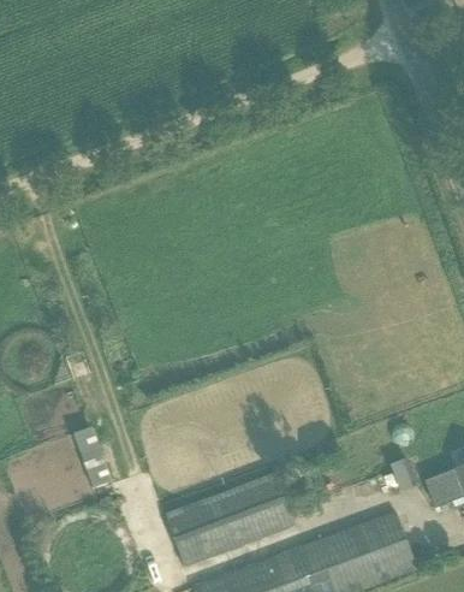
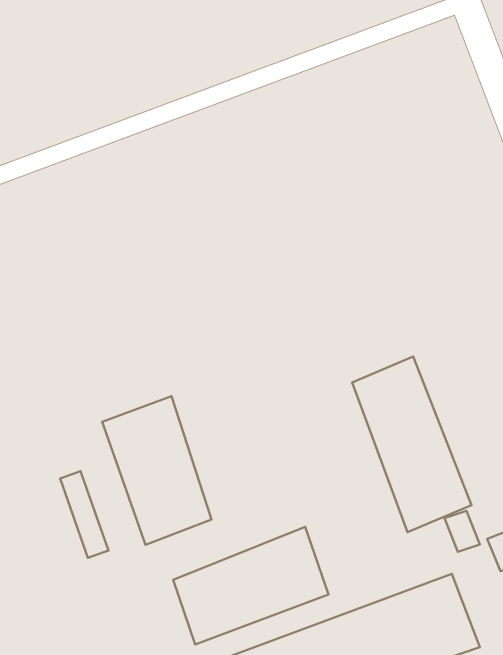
building: none -> [352,356,472,532]
building: none -> [102,396,211,545]

